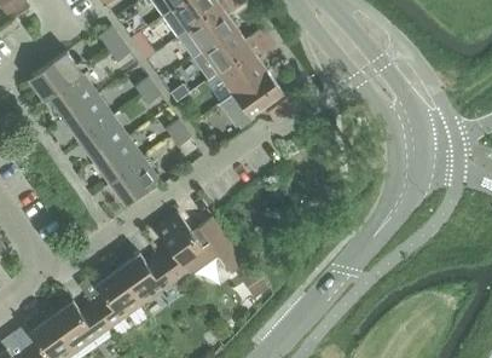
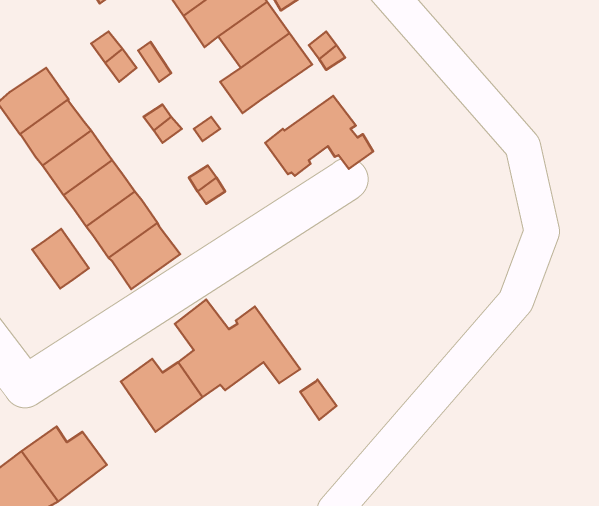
building: [216,50,266,96] -> none
building: none -> [32,229,89,289]
building: [92,270,143,328] -> none

